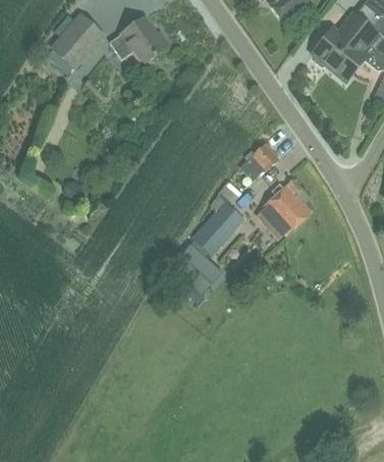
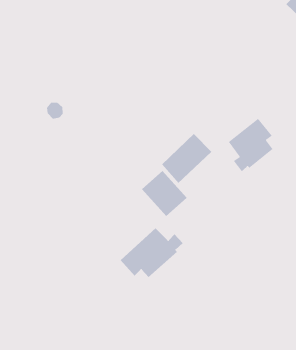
building: [239,144,278,182] -> none
building: none -> [120,228,184,278]

